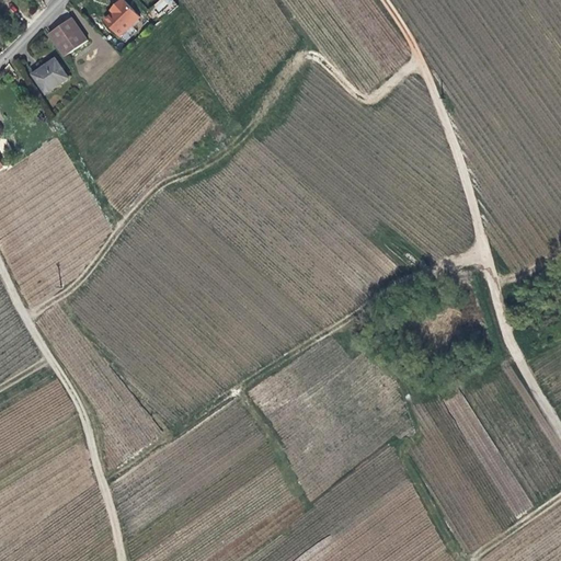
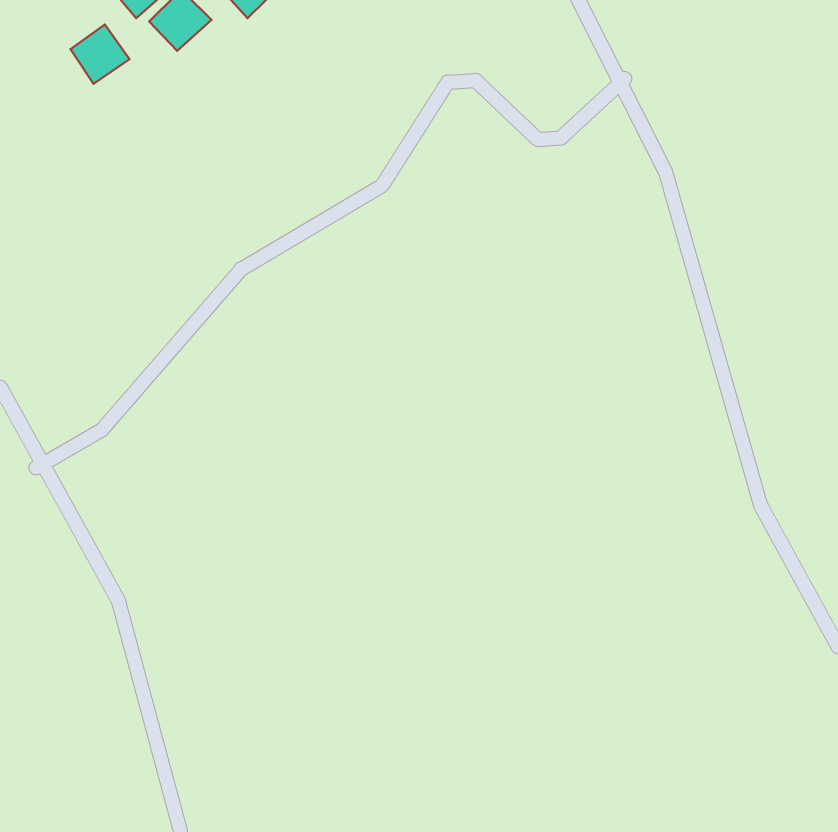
building: [33,56,69,91] -> none

